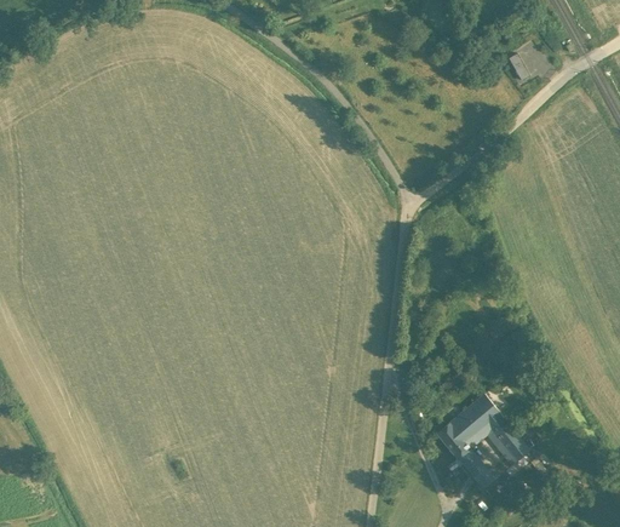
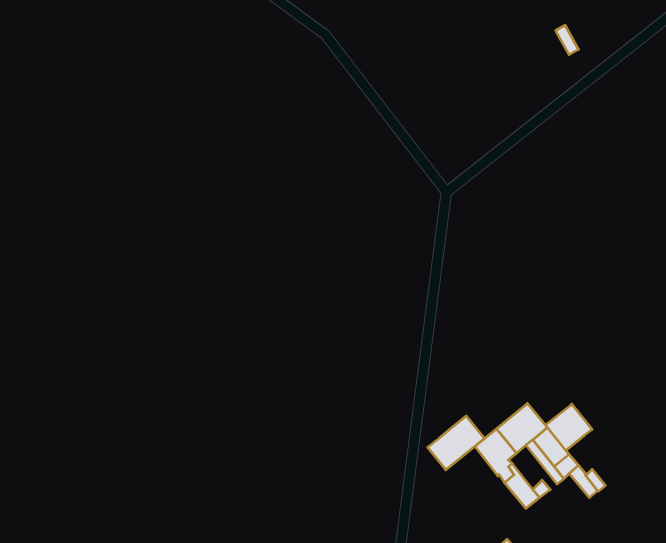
building: none -> [546,404,592,451]
building: none -> [428,416,484,470]

